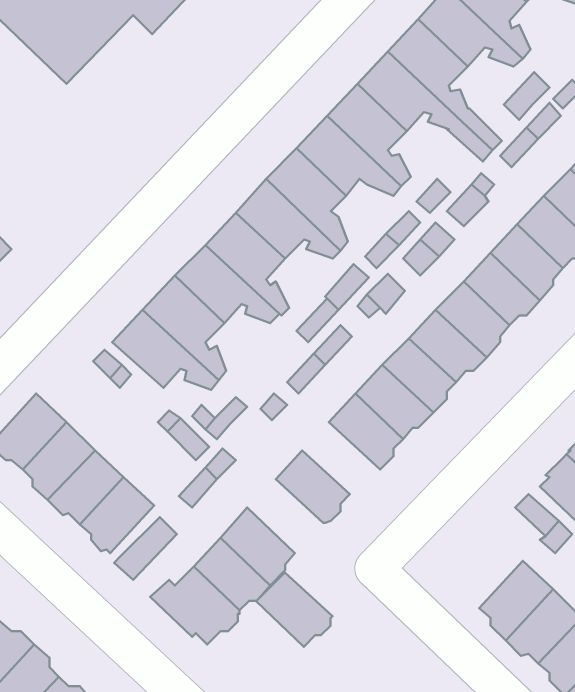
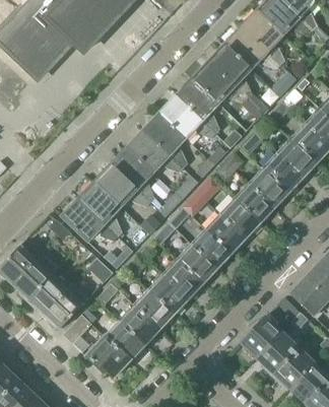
building: none -> [162,259,204,297]
building: none -> [241,314,280,358]
building: [256,573,332,647] -> [133,289,174,329]

